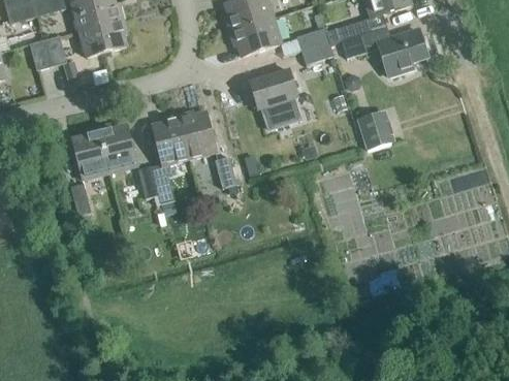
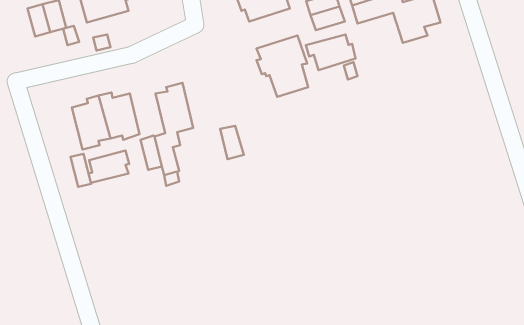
building: none -> [306,34,355,70]
building: [357,108,396,150] -> none
building: [179,112,217,158] -> none
building: none -> [89,151,129,183]

